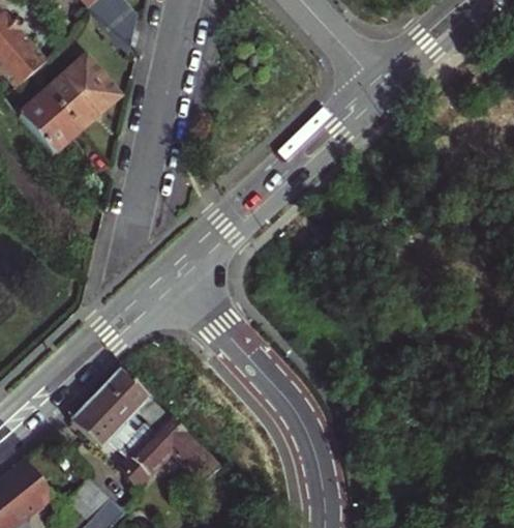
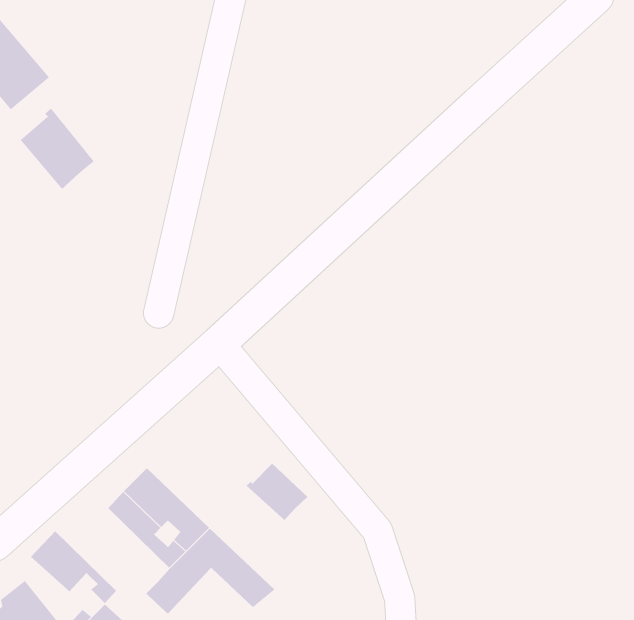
building: [44,54,121,127] -> none
building: none -> [245,463,308,521]
building: [69,402,138,460] -> [30,531,117,604]

